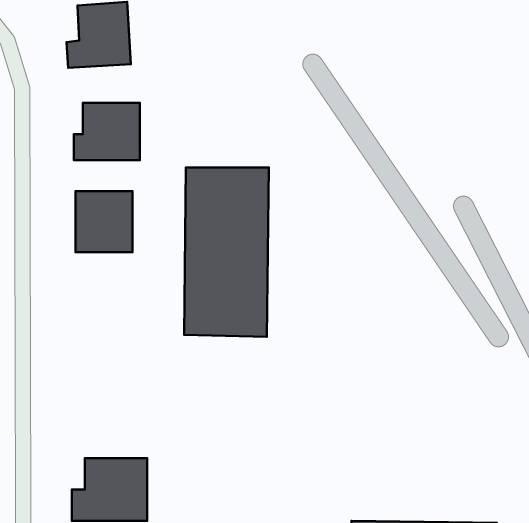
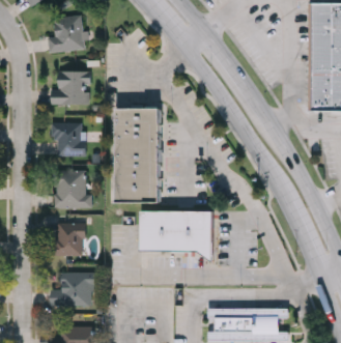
building: none -> [55,170,91,208]
building: none -> [142,209,217,254]
building: none -> [53,222,84,255]

